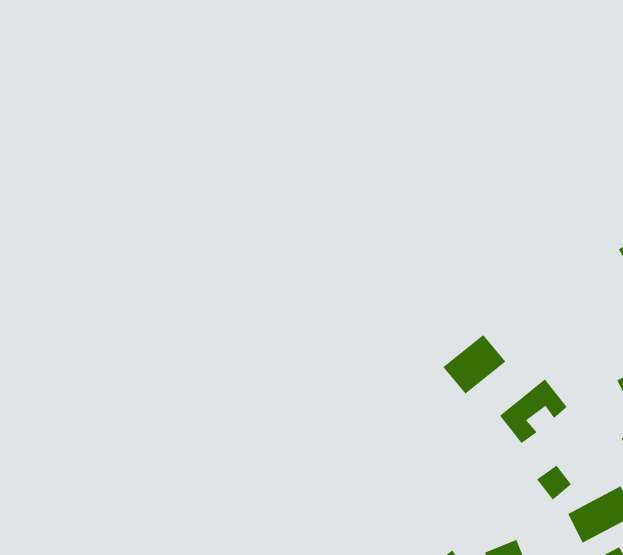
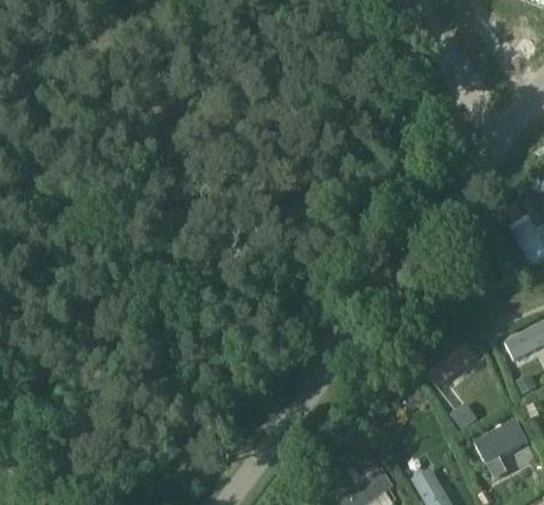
building: [442,334,506,395] -> none

